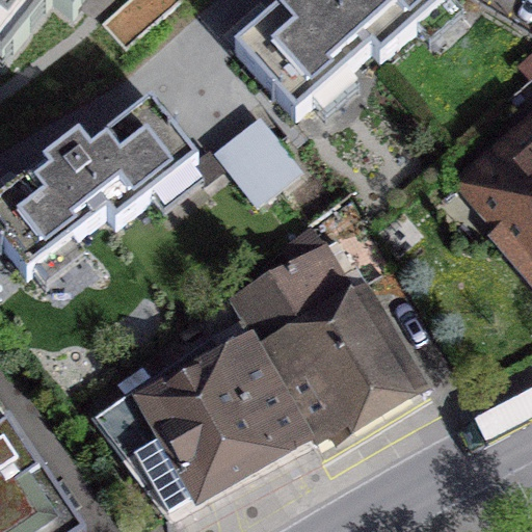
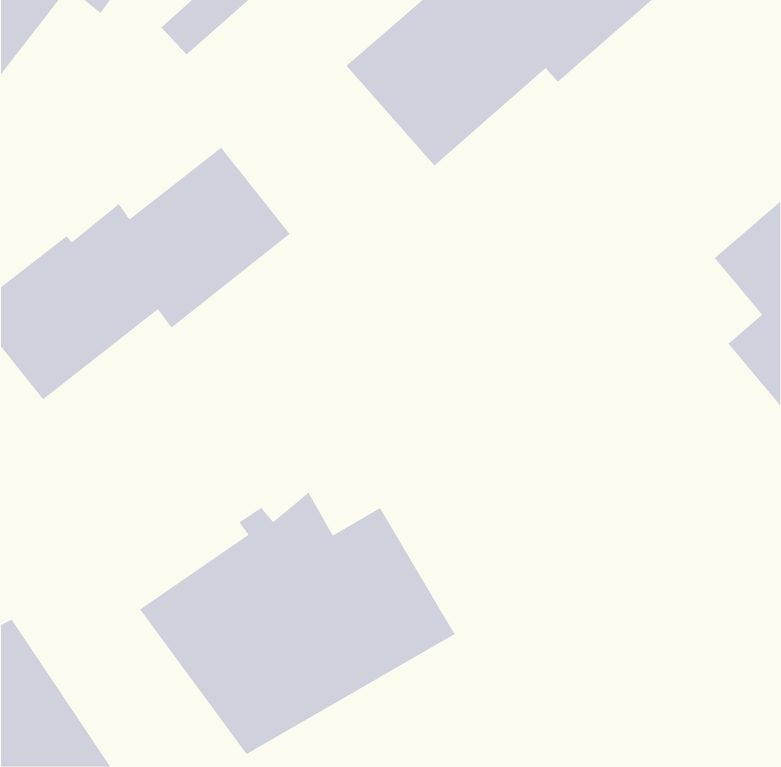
building: [218,117,304,207] -> none
building: [237,243,408,440] -> none

